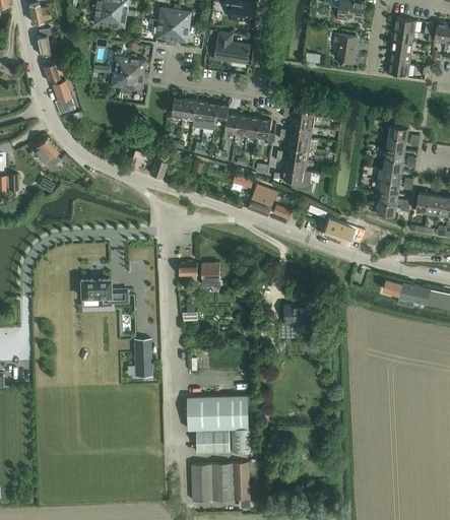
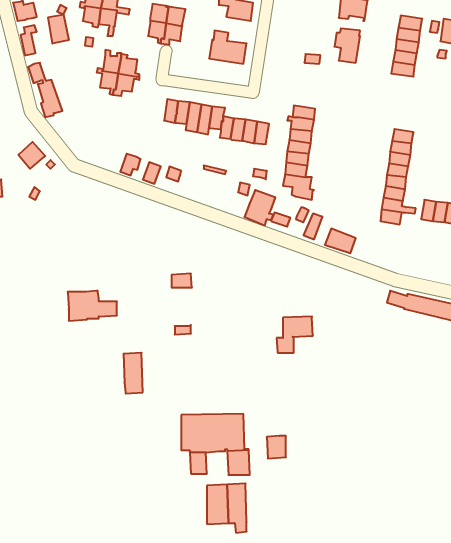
building: none -> [48,15,69,44]
building: [202,263,220,287] -> none
building: [211,432,230,453] -> [267,436,286,458]
building: [191,464,212,502] -> none

